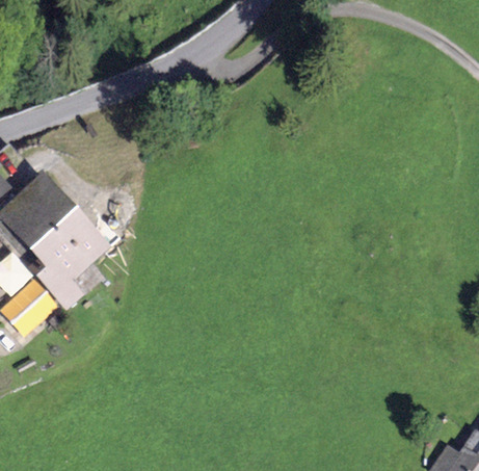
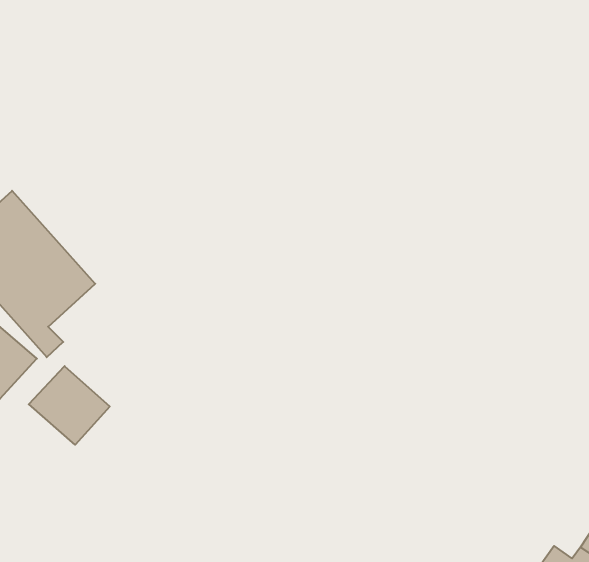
building: none -> [29,366,110,445]

